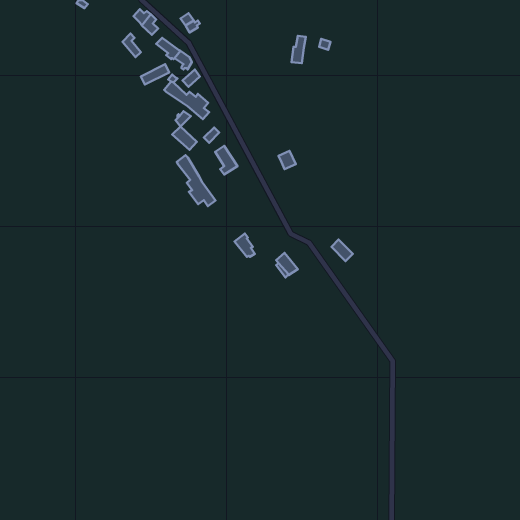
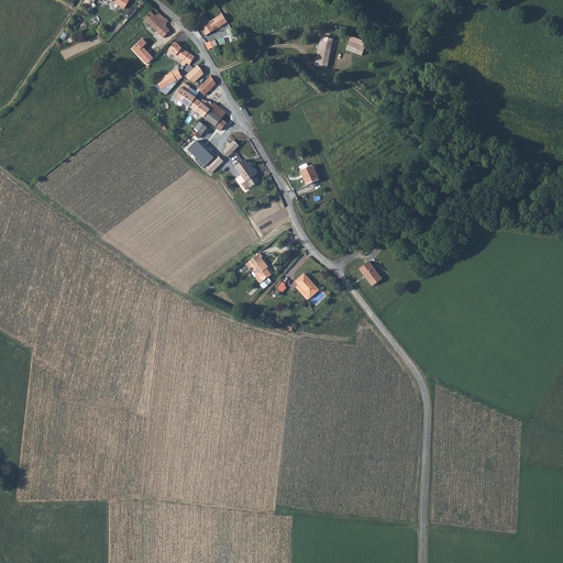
building: [177,155,216,206] -> none

